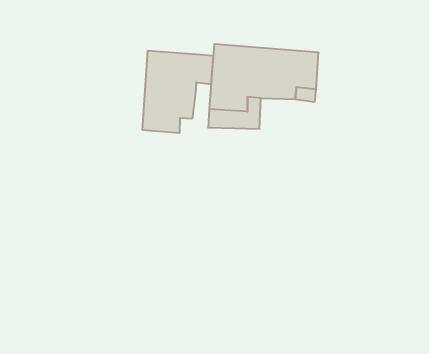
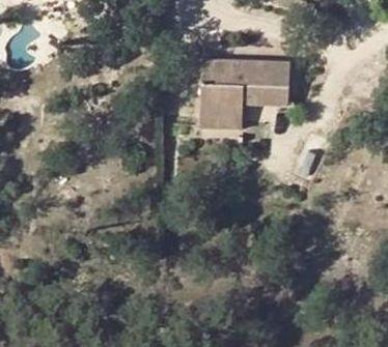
building: [143,51,213,133] -> none

